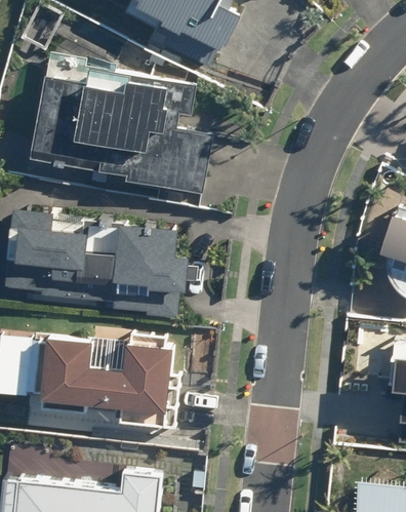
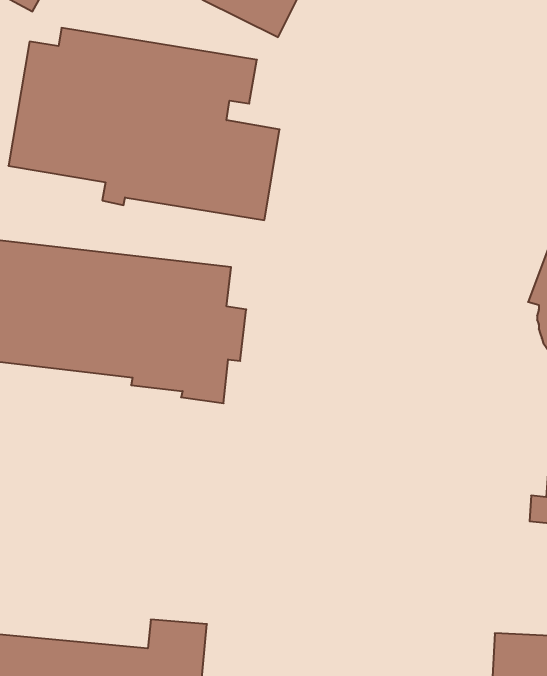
building: [29,334,182,429] -> none

